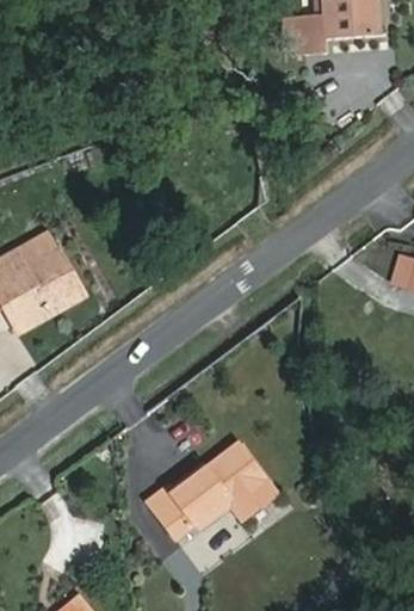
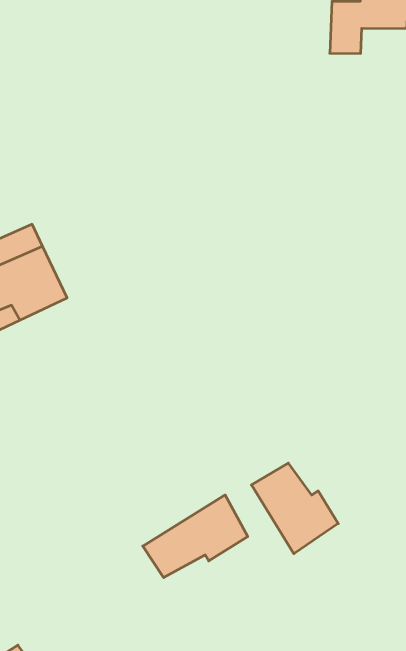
building: none -> [251,463,338,554]
building: [150,492,198,542] -> none

